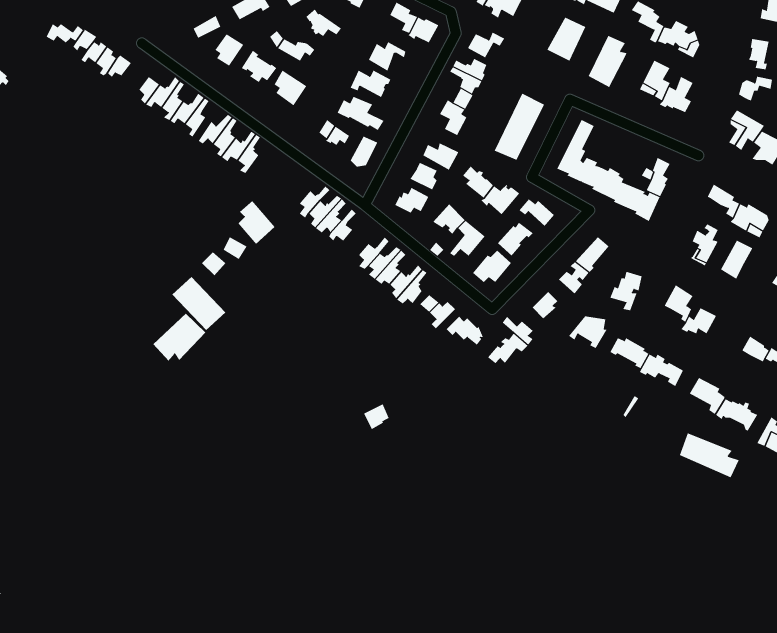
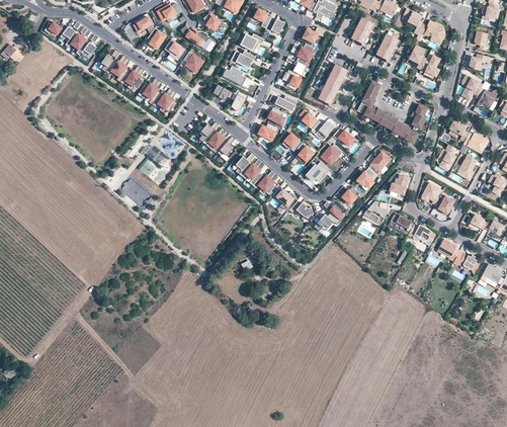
building: [153,313,206,361] -> none
building: [679,432,739,478] -> none

